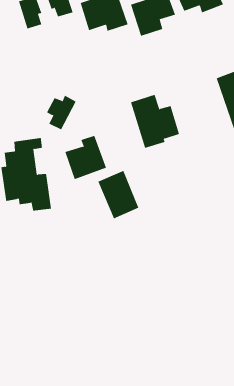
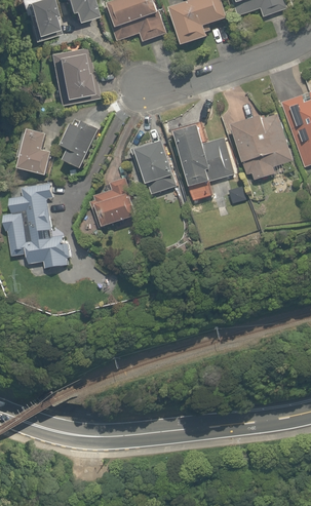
building: none -> [47,45,98,107]
building: none -> [235,114,293,184]
building: none -> [21,128,55,178]
building: [97,170,139,219] -> [128,134,182,197]

